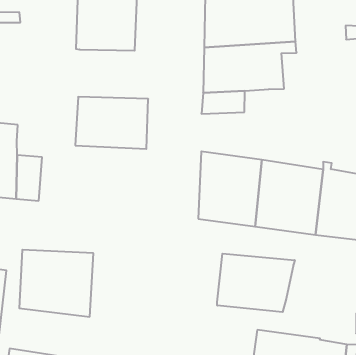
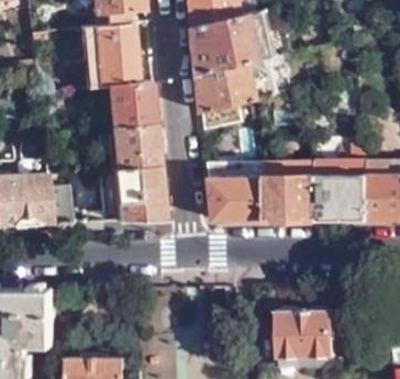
building: none -> [88,80,154,130]
building: [19,250,93,317] -> [96,167,163,224]
building: [217,254,295,312] -> none

